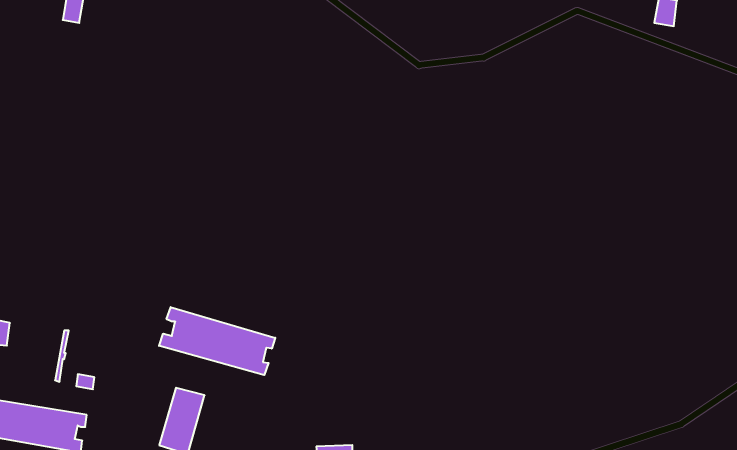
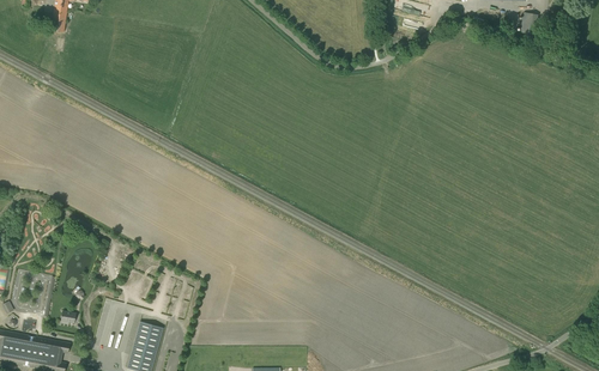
building: [159,307,275,375] -> none

